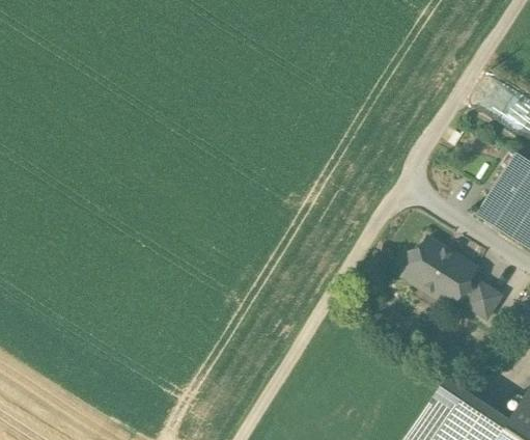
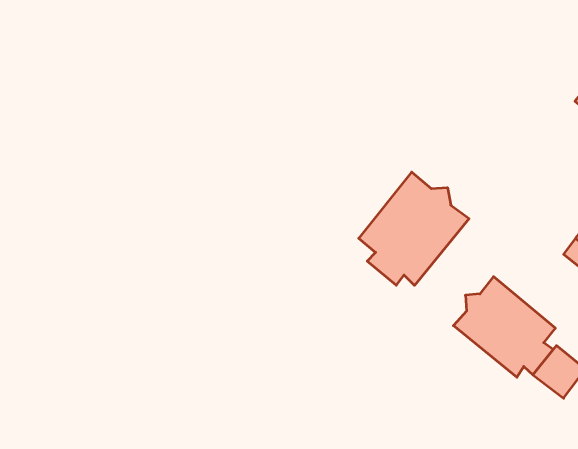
building: none -> [359,172,469,285]

